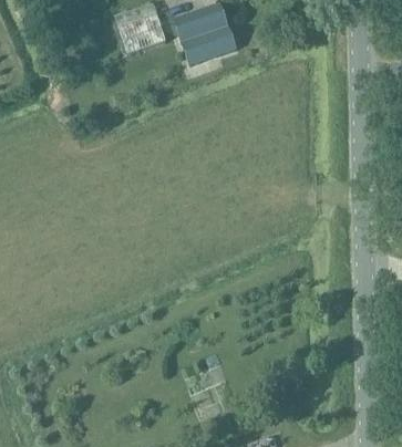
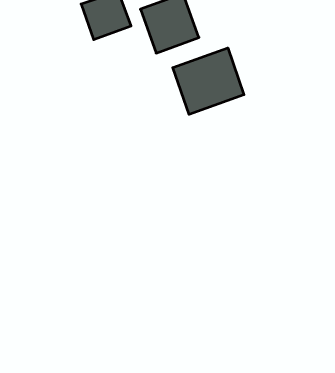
building: none -> [173,48,244,114]

